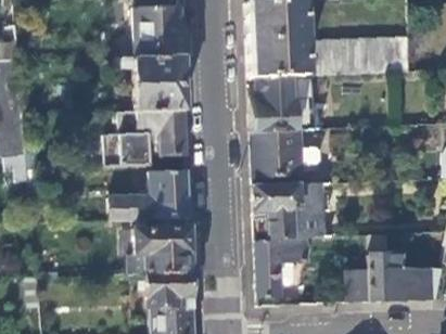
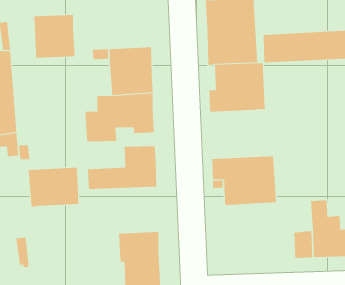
building: [135,7,183,57] -> [34,14,76,58]
building: [251,129,321,177] -> none
building: [132,227,192,273] -> [28,167,79,207]
building: [255,237,307,296] -> none

